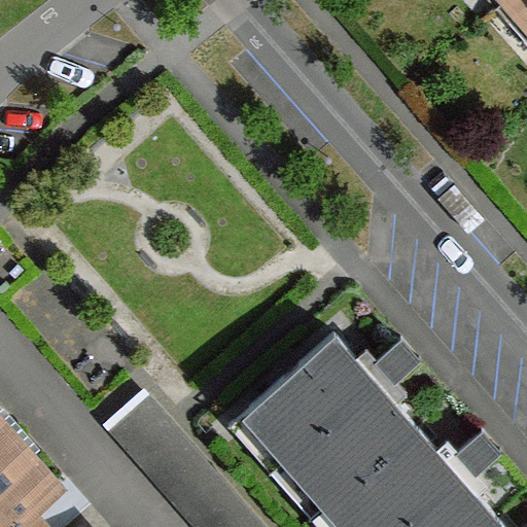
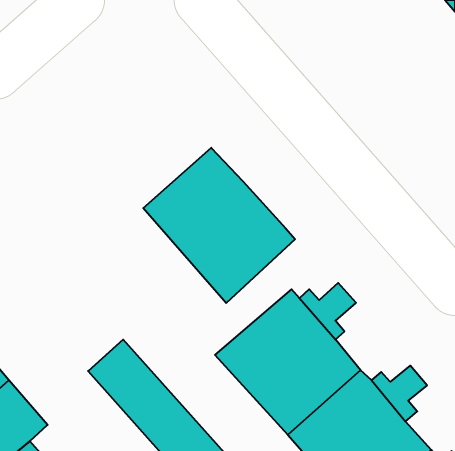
building: none -> [143,148,295,303]

